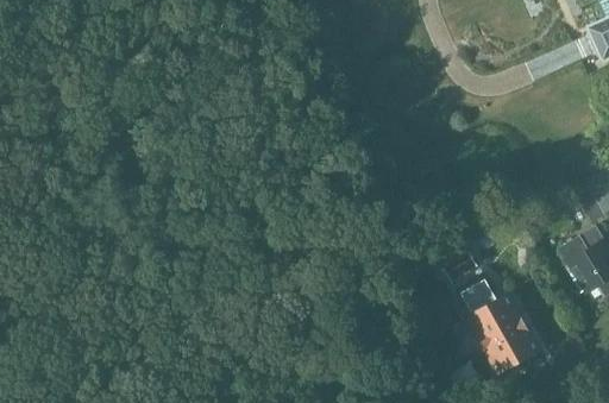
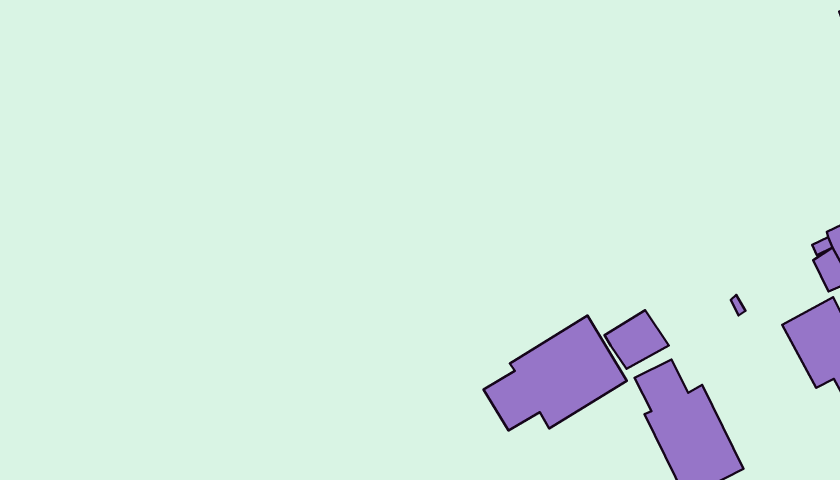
building: none -> [484,316,627,431]

